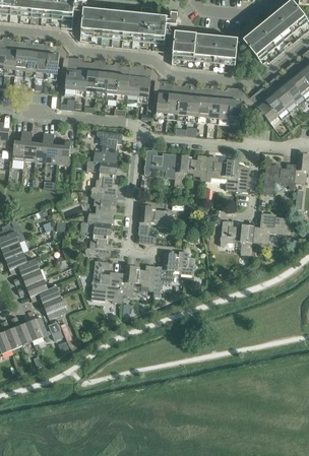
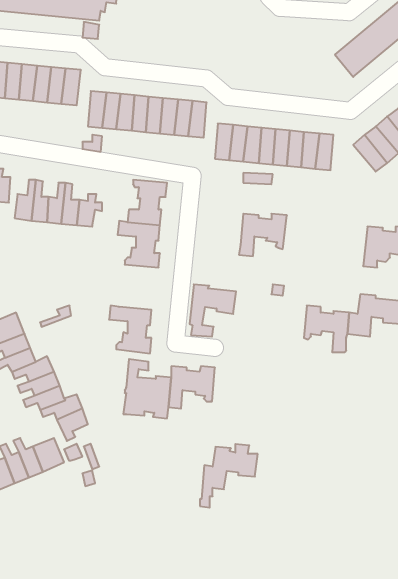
building: [81,9,178,39] -> none
building: [173,32,238,59] -> none
building: [144,149,177,177] -> none
building: [205,155,249,191] -> none
building: [87,191,116,223] -> none
building: [153,250,195,296] -> [200,444,258,508]

